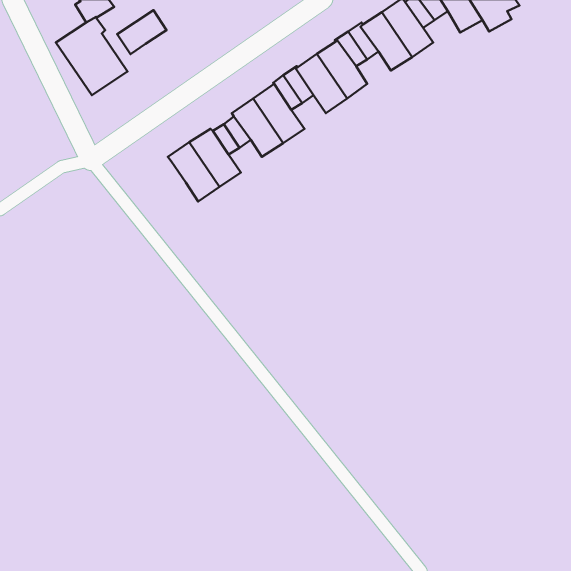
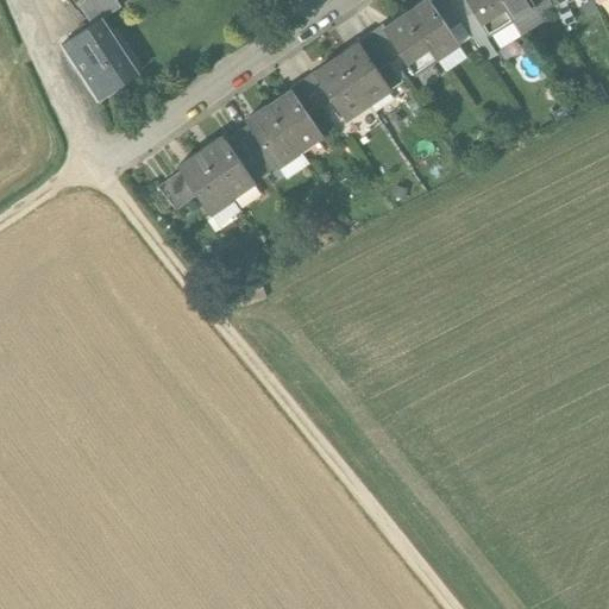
building: [117,10,167,54] -> none
building: none -> [159,171,199,208]

